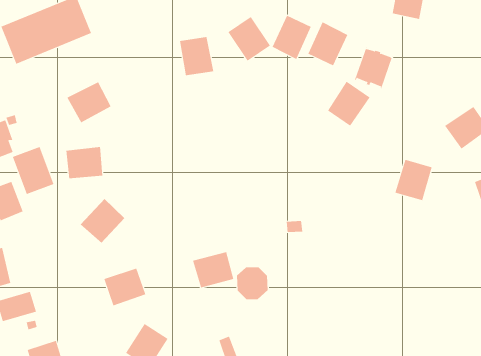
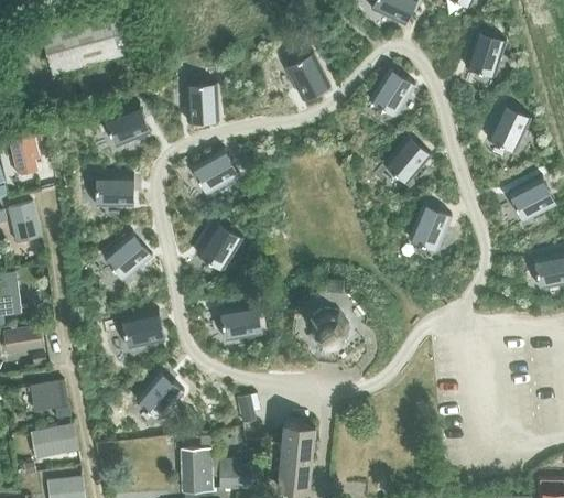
building: [272,15,311,60] -> none
building: [179,37,214,76] -> [185,84,219,123]
building: [354,47,393,89] -> [486,105,531,152]
building: none -> [191,149,240,195]
building: [12,146,54,195] -> none
building: [394,159,432,201] -> [408,204,452,251]
building: none -> [196,221,242,271]
building: [236,267,268,300] -> [313,311,348,347]

